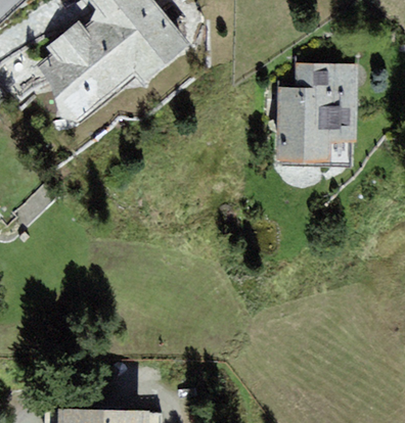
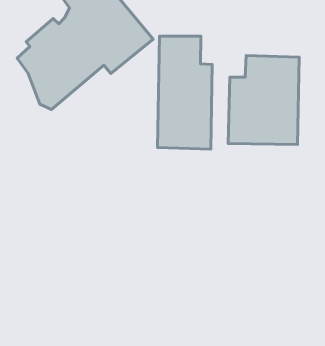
building: none -> [157,36,212,149]

